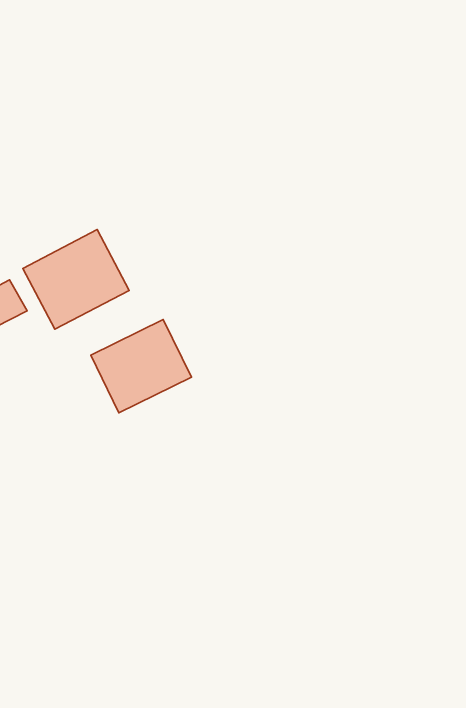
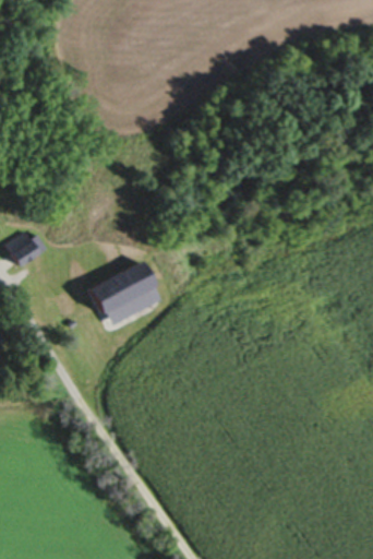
building: [23,229,129,329] -> none

